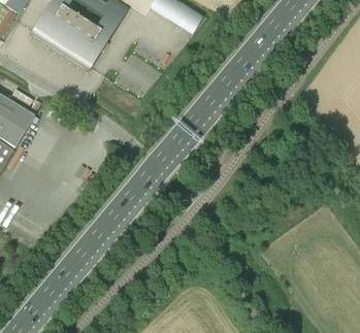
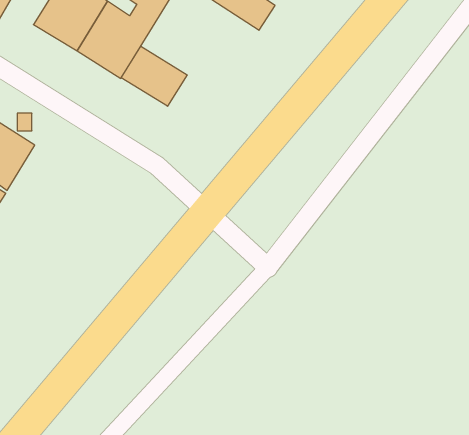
building: none -> [121,46,187,106]

